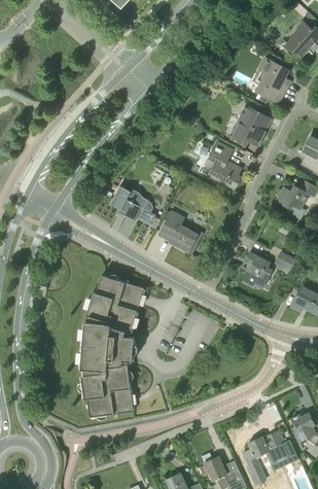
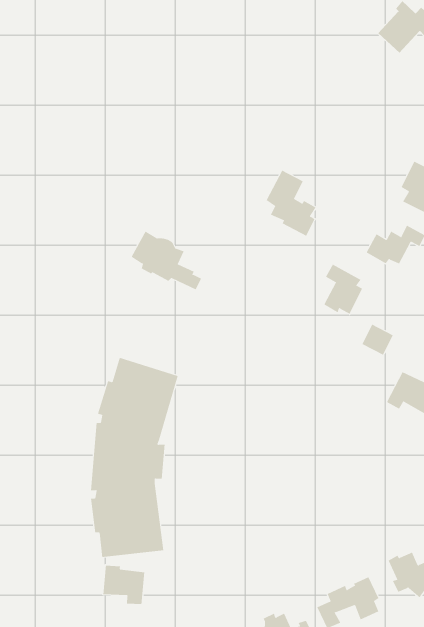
building: [255,58,289,100] -> none
building: [229,105,270,149] -> none
building: [158,211,197,251] -> none
building: [243,251,271,287] -> [324,264,363,315]
building: none -> [103,565,145,605]

